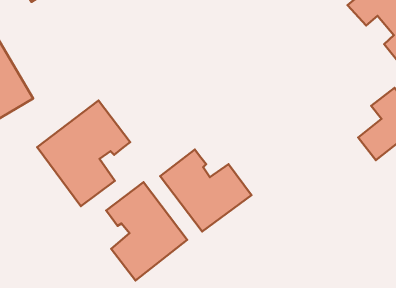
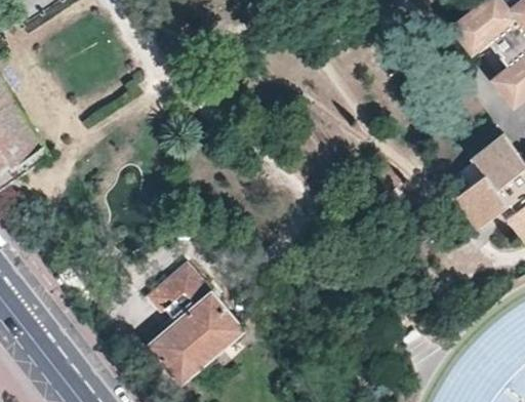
building: [37,101,130,206] -> none
building: [160,150,252,232] -> none

